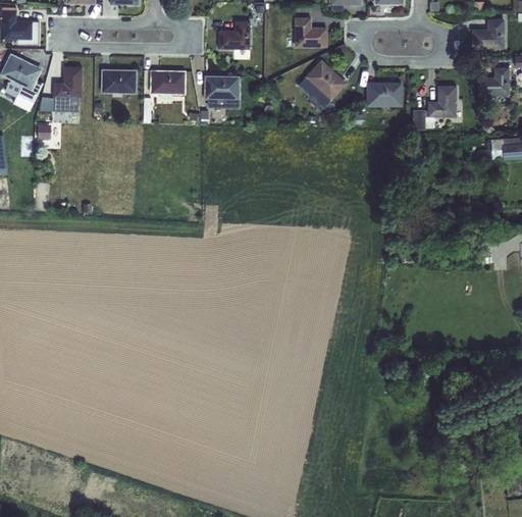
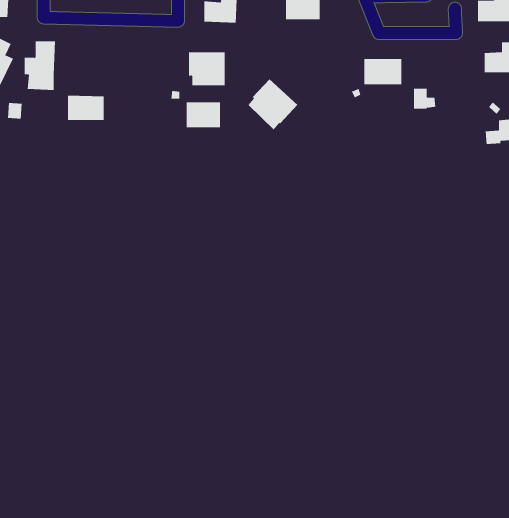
building: [300,58,347,106] -> [248,78,298,130]
building: [101,68,136,92] -> [67,95,105,120]
building: [150,69,185,93] -> none
building: [427,85,456,116] -> none
building: none -> [186,102,221,128]

